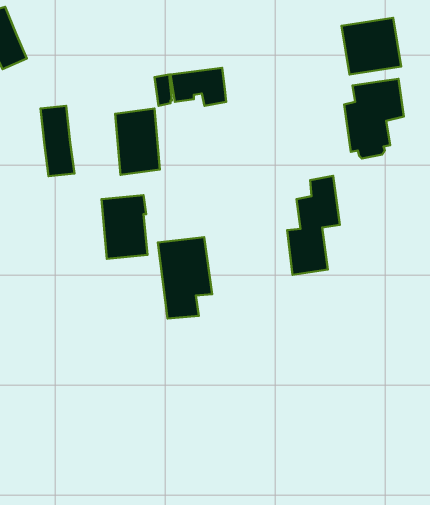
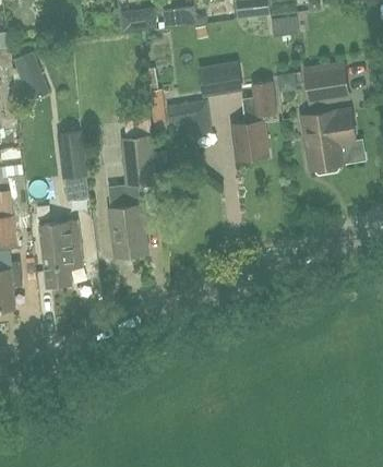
building: none -> [204,67,242,94]
building: [287,176,340,275] -> [234,80,276,159]
building: [158,237,212,319] -> [39,219,83,285]

